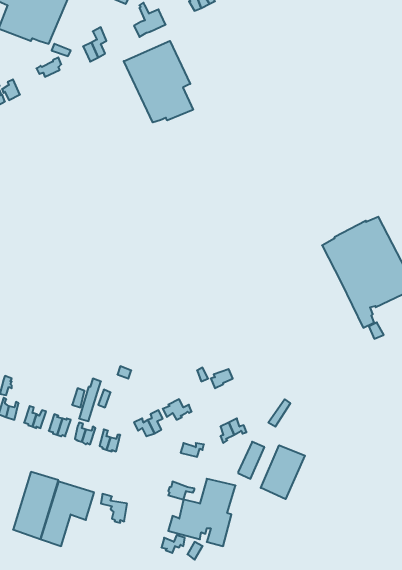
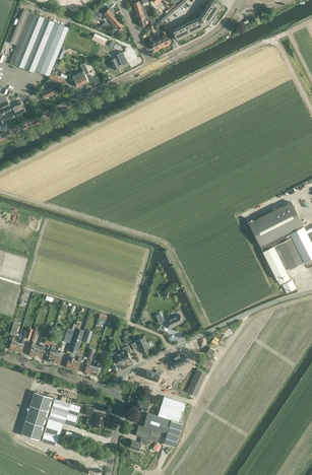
building: [124,41,193,122] -> none
building: [261,445,305,499] -> none

